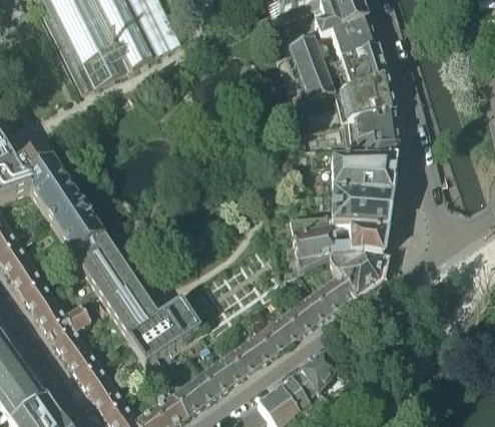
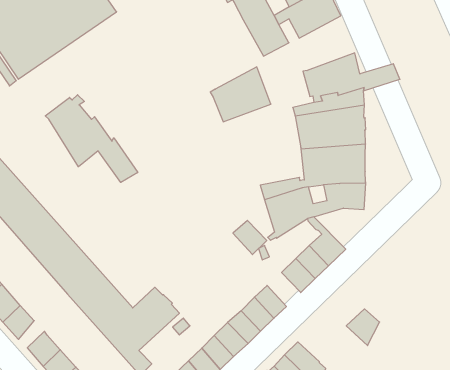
building: [341,73,395,119] -> [210,67,271,122]
building: none -> [45,95,138,182]
building: [336,251,383,289] -> none
building: [284,302,314,334] -> [233,220,267,255]
building: [48,304,91,338] -> none
building: [305,355,336,389] -> [346,309,380,346]

